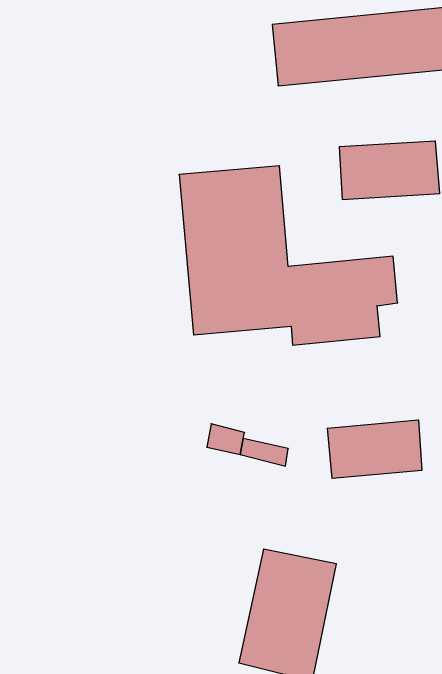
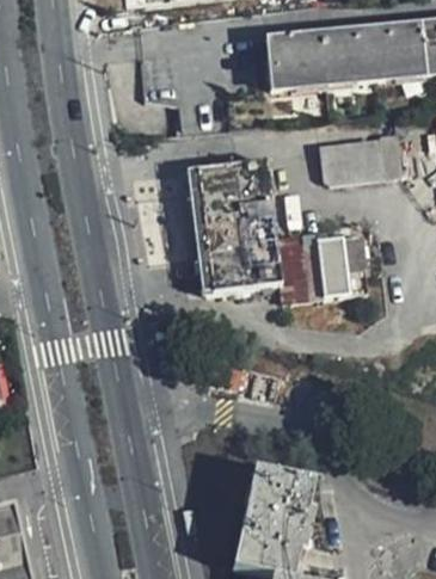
building: [327,420,422,478] -> none

